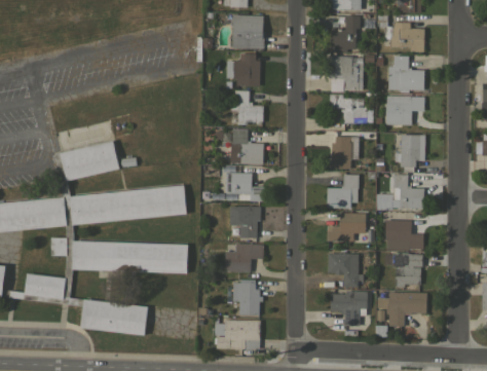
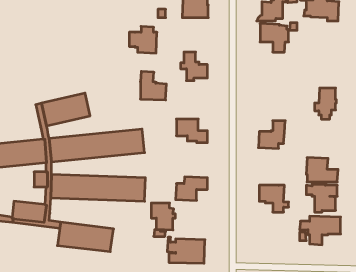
building: [227,53,261,86] -> [129,26,157,53]
building: [388,55,425,90] -> none
building: [330,95,374,123] -> none
building: [386,96,425,125] -> none
building: [232,128,264,163] -> [140,71,166,100]
building: [331,137,352,170] -> none
building: [394,174,424,209] -> none
building: [230,207,261,238] -> none
building: [328,213,366,242] -> none
building: [233,283,263,316] -> [151,203,175,230]
building: [331,291,368,326] -> none

